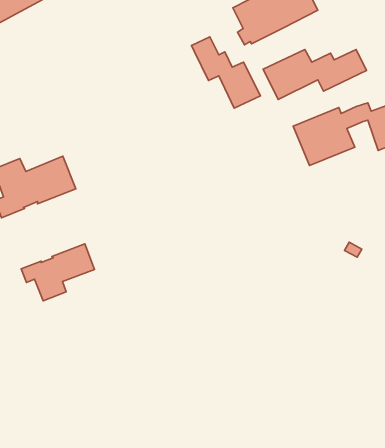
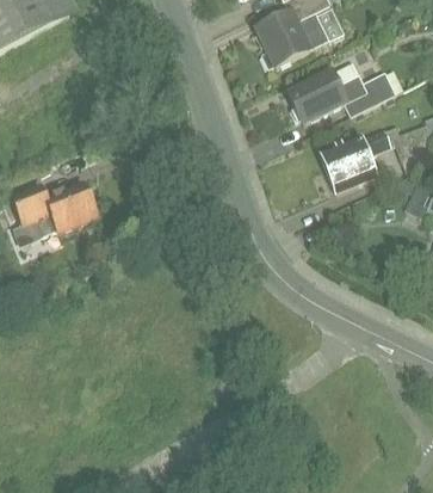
building: [192,37,261,108] -> none
building: [21,244,95,301] -> none

